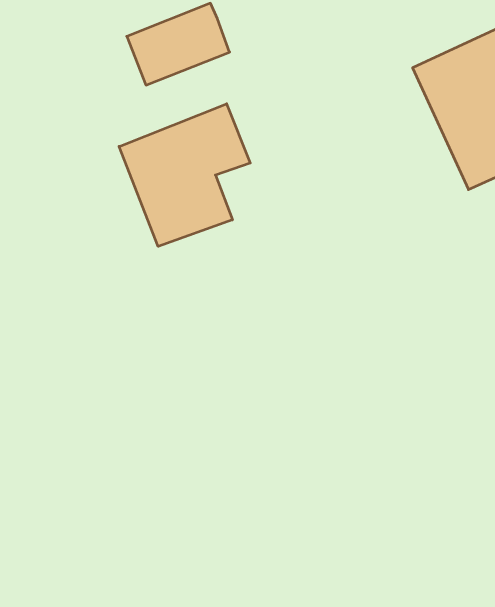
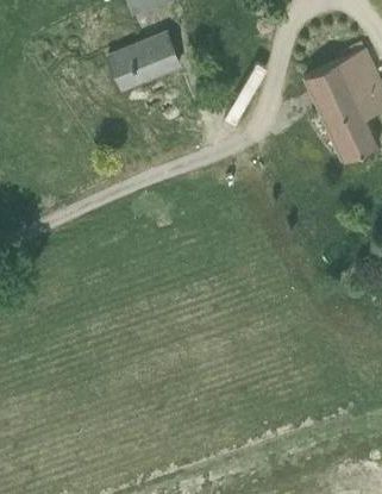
building: [119,104,250,246] -> none

